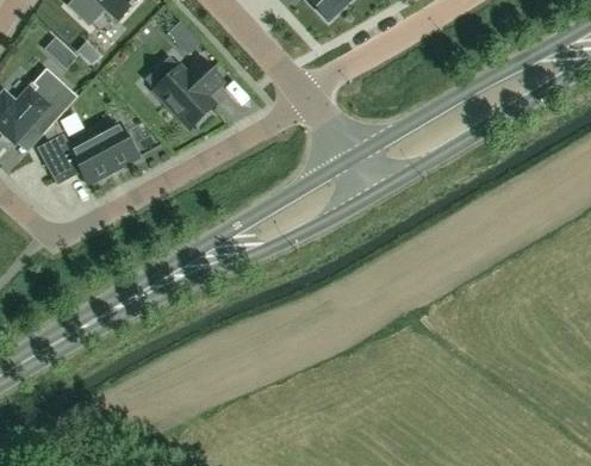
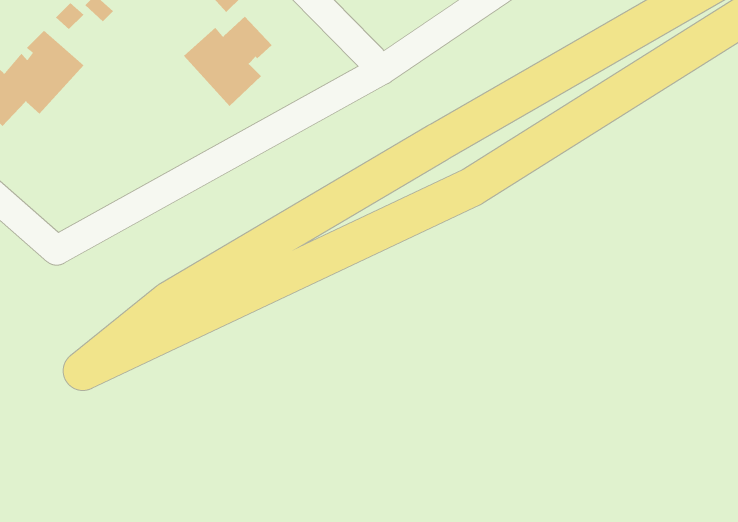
building: [38,123,137,184] -> none

